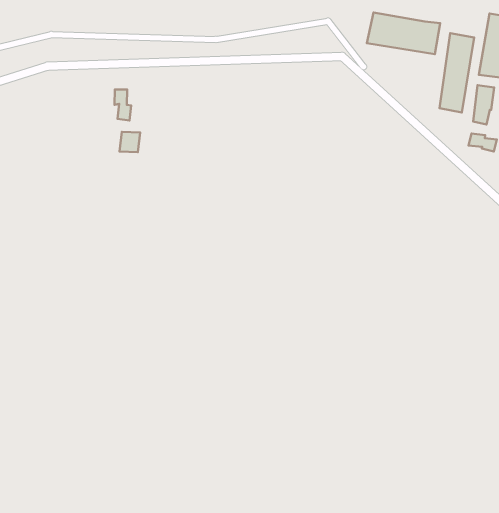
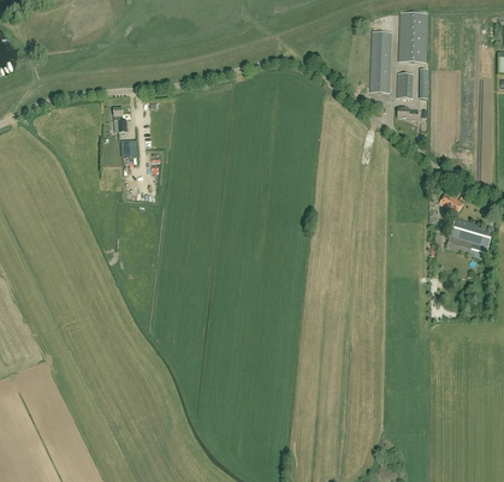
building: [367,12,440,54] -> none

